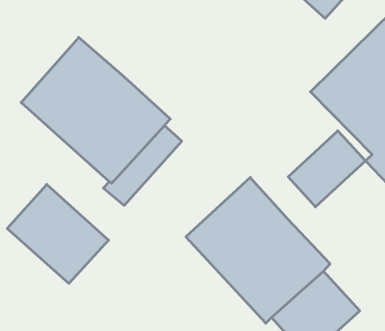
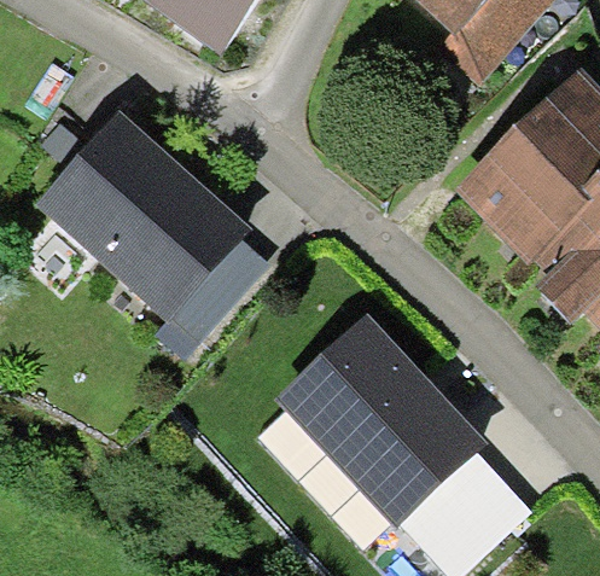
building: [288,131,366,207] -> none
building: [7,184,109,283] -> none

